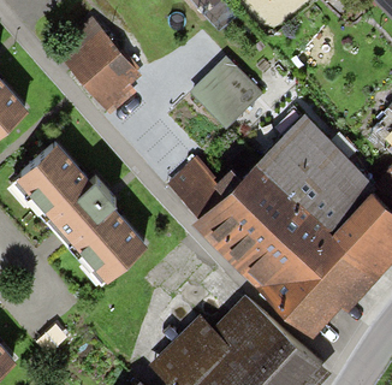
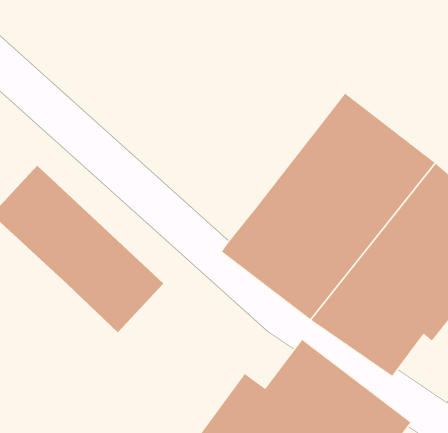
building: [57,20,139,116] -> none
building: [190,57,262,129] -> none
building: [171,164,222,214] -> none

